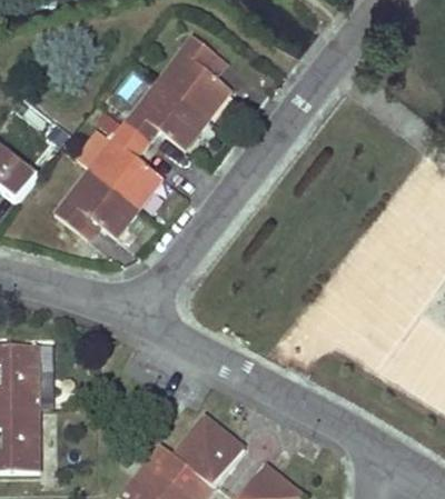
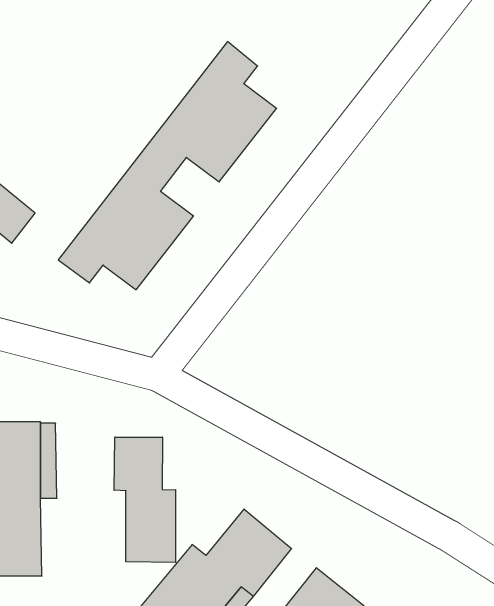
building: none -> [114,437,176,562]

